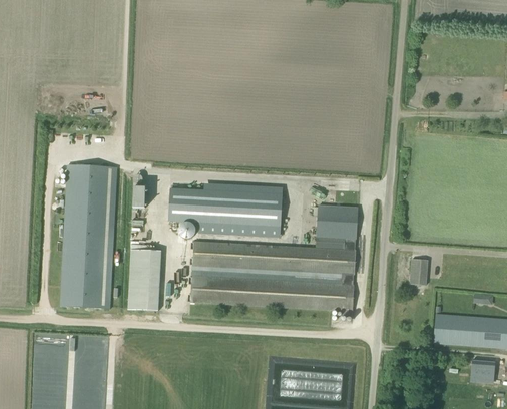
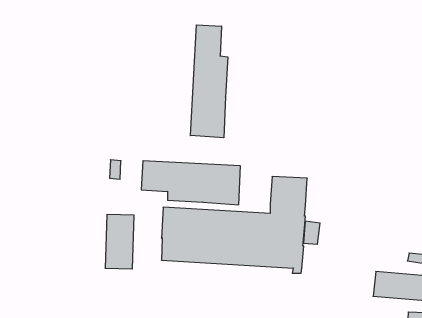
building: none -> [190,25,228,138]
building: [60,164,117,308] -> none
building: [410,259,429,285] -> [303,221,320,244]

